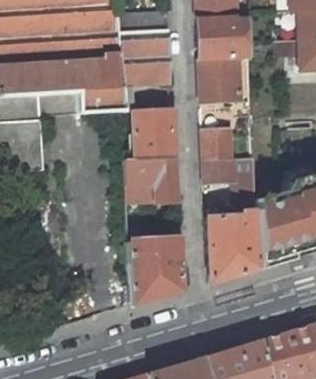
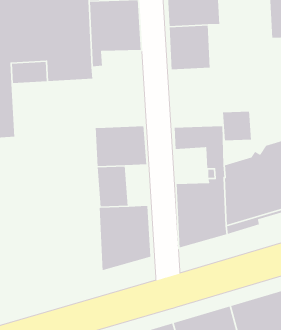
building: [133,110,175,160] -> none
building: [203,129,233,160] -> [222,111,252,141]

